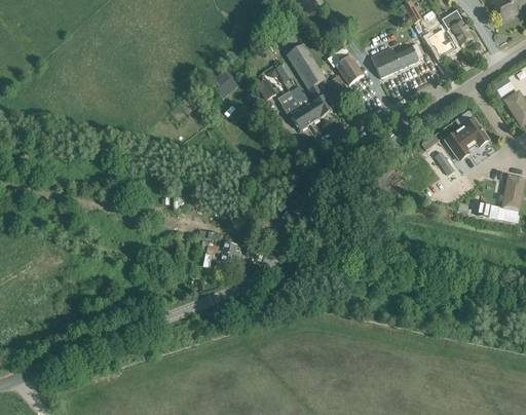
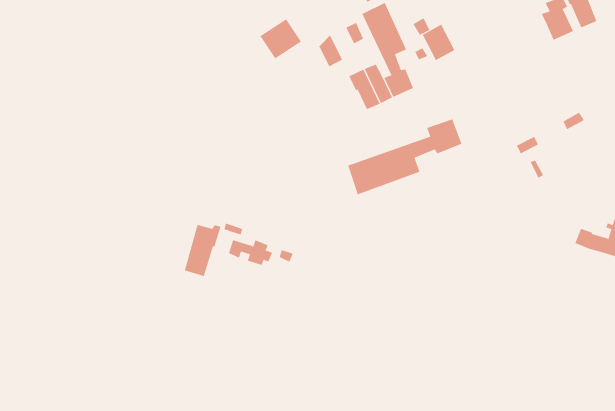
building: [370,43,421,77] -> none
building: [444,118,488,159] -> none
building: none -> [348,118,462,195]
building: none -> [184,224,221,277]

